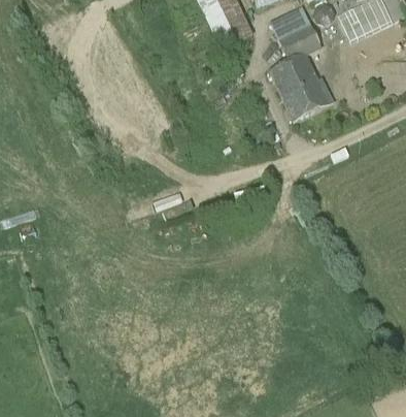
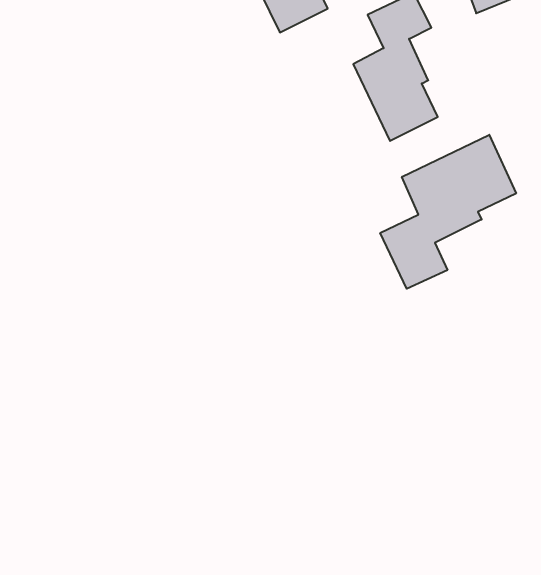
building: none -> [380,135,516,289]

